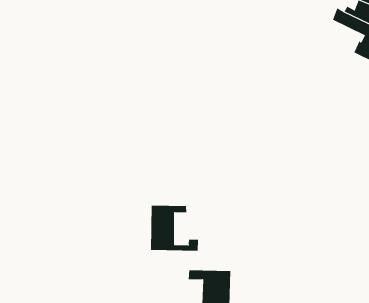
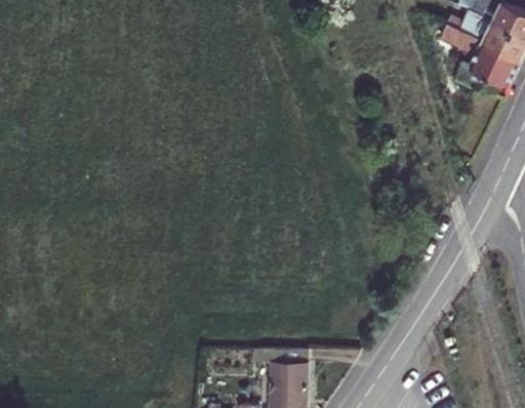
building: [151,205,199,252] -> none

